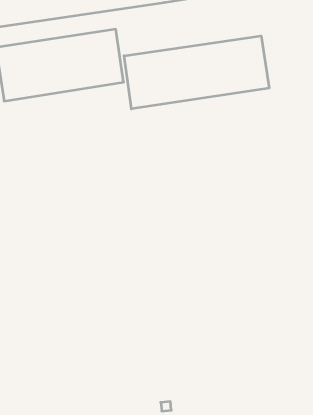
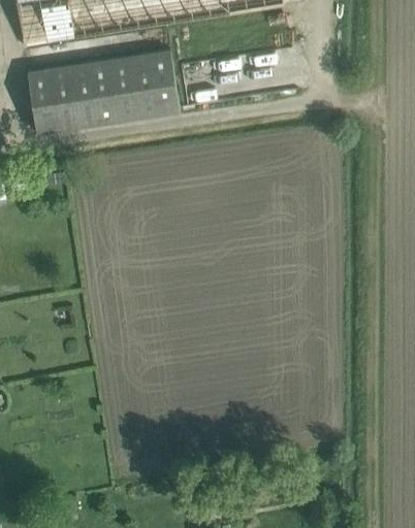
building: [124,36,269,109] -> none

